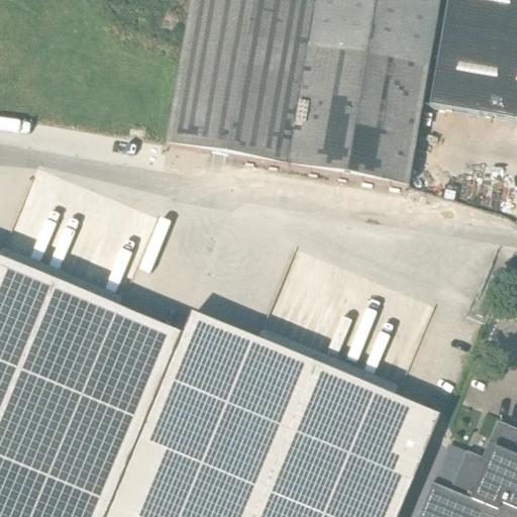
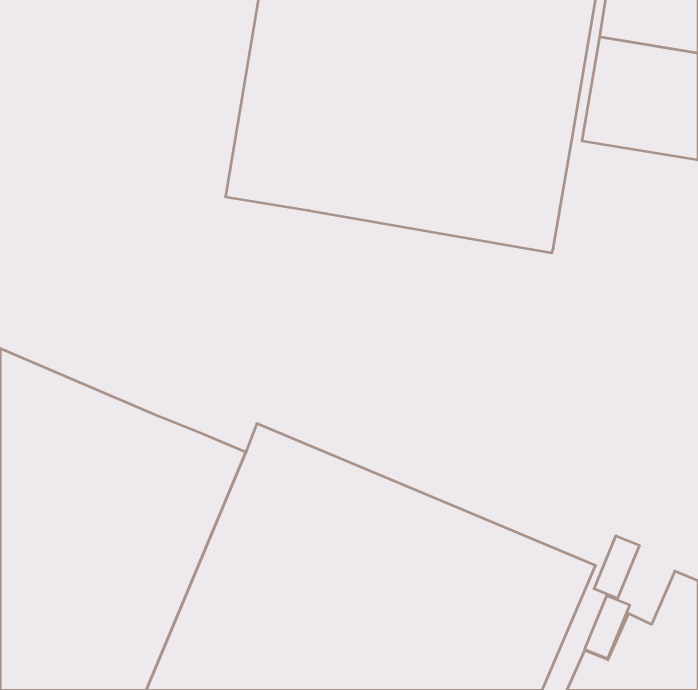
building: none -> [594,536,639,599]

